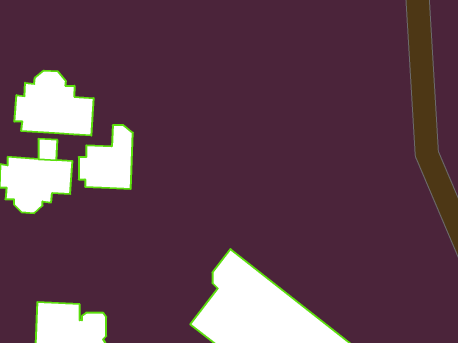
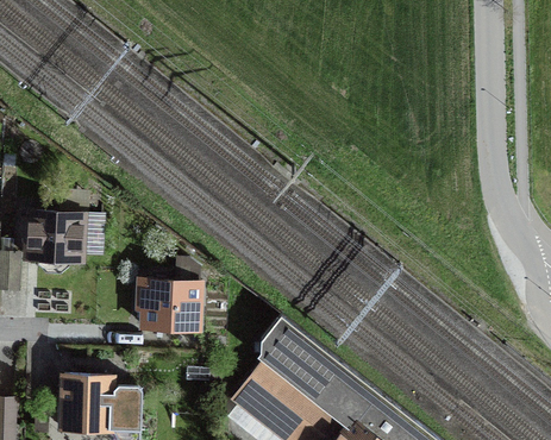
building: [14,71,94,136] -> none
building: [79,125,133,189] -> [136,259,196,331]

